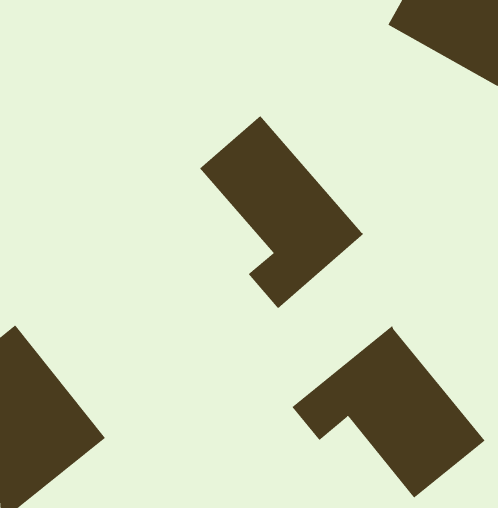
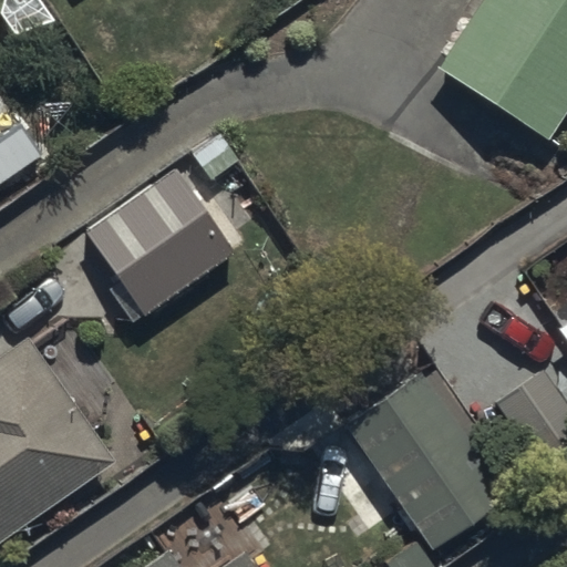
building: [199,115,364,309] -> none
building: none -> [86,169,236,316]

